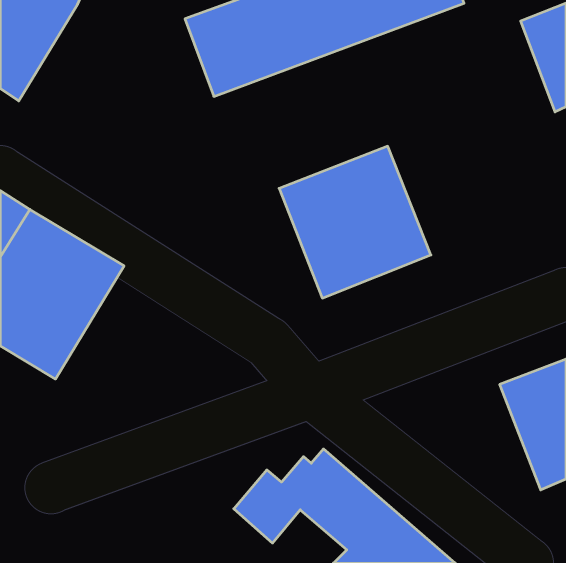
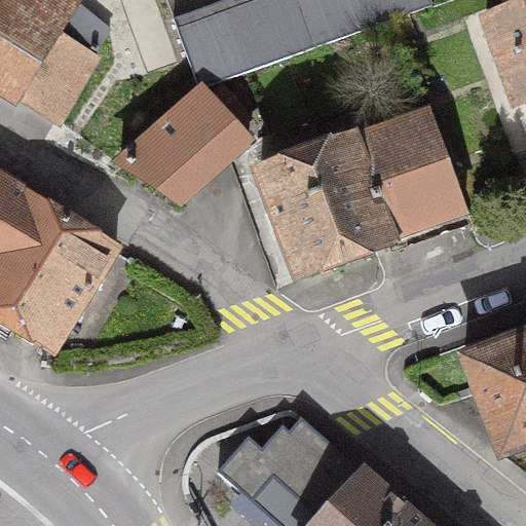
building: none -> [17,4,109,117]
building: none -> [120,89,247,201]
building: none -> [360,111,463,236]

